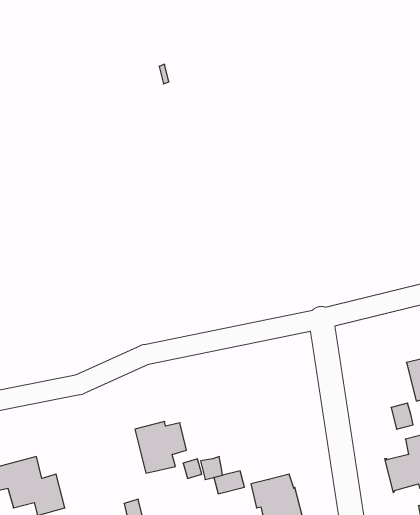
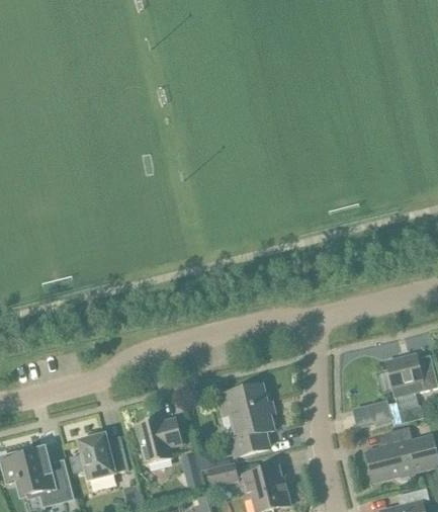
building: none -> [220,385,273,456]
building: none -> [69,434,128,481]

